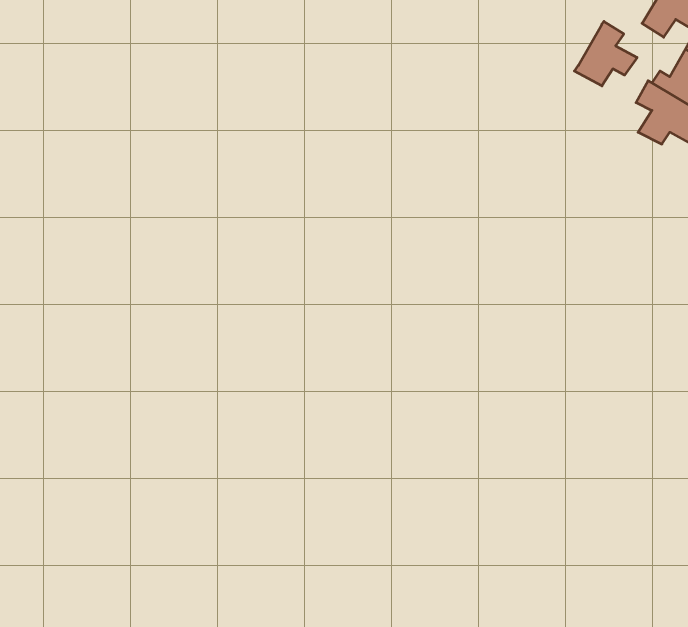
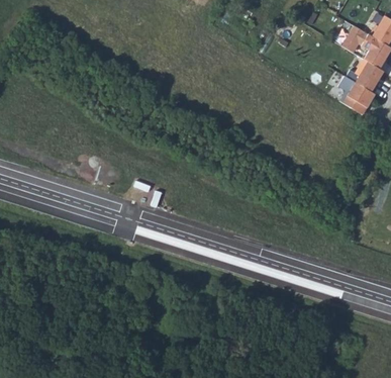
building: [574,21,637,86] -> none

